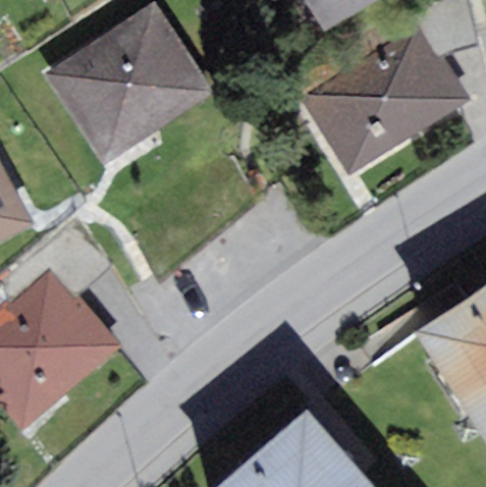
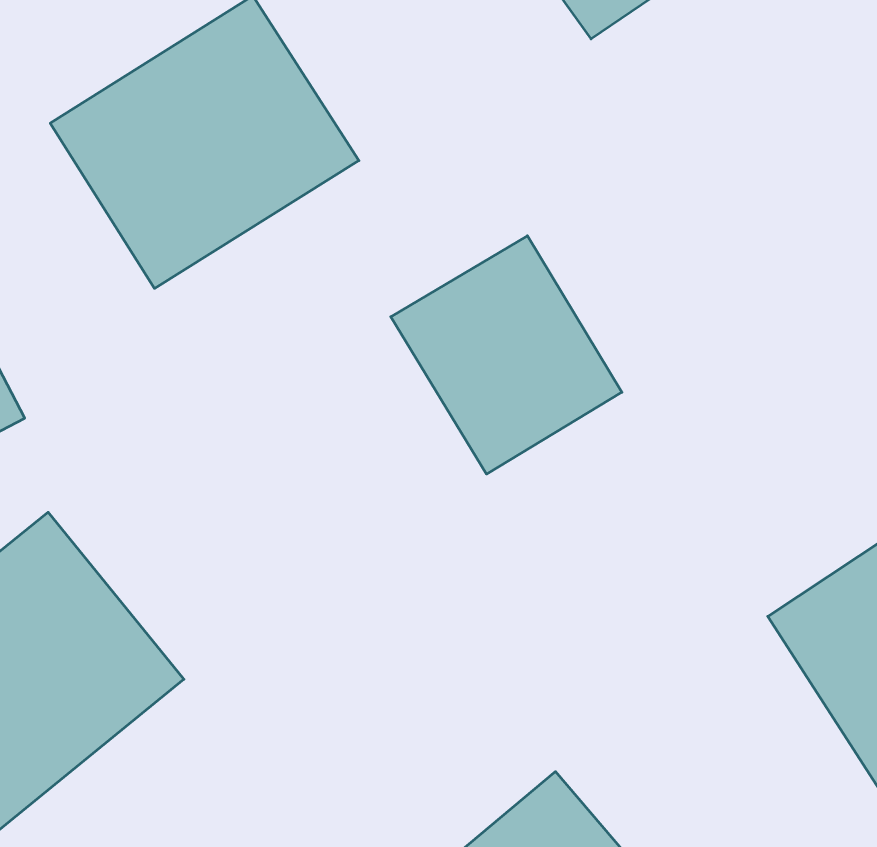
building: [311,35,461,170] -> none
building: none -> [391,236,622,474]

